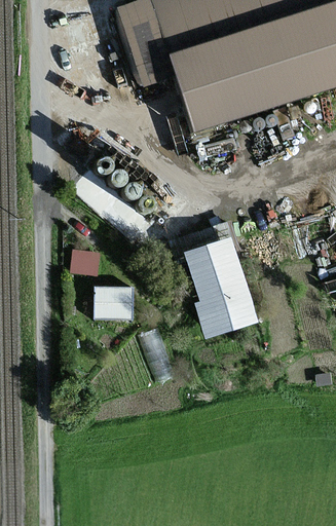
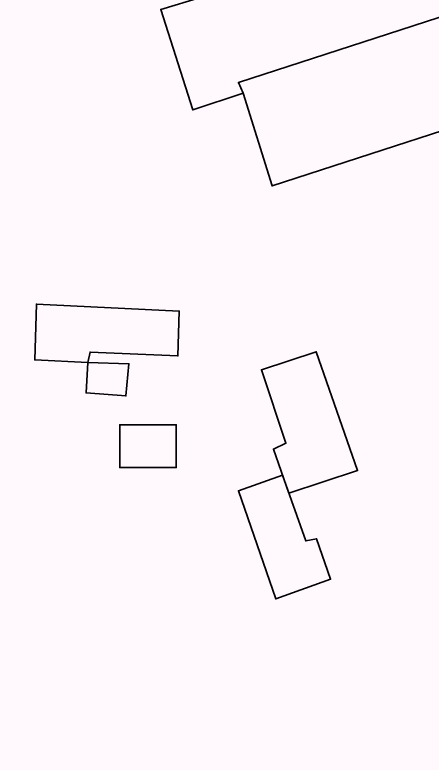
building: none -> [35,304,179,362]
building: none -> [239,475,330,599]

